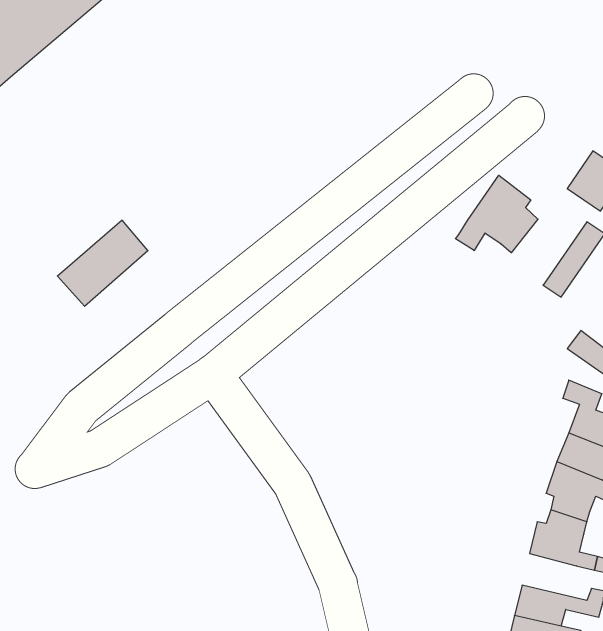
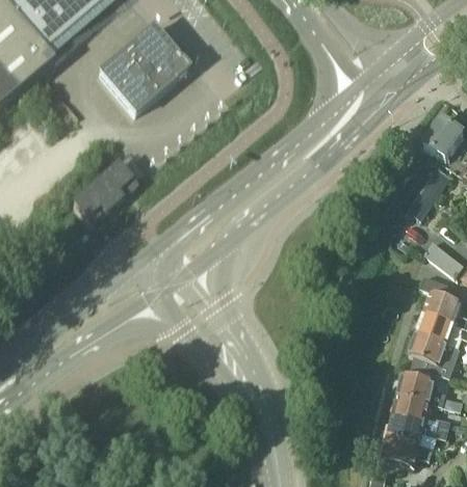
building: none -> [98,26,187,113]
building: [455,175,538,253] -> none
building: none -> [392,394,440,426]

